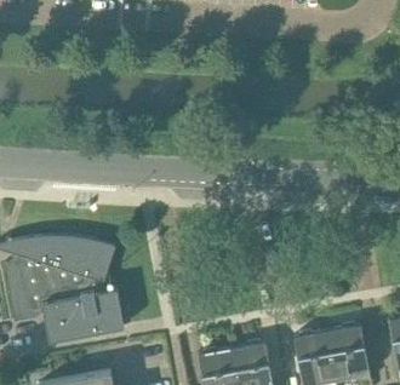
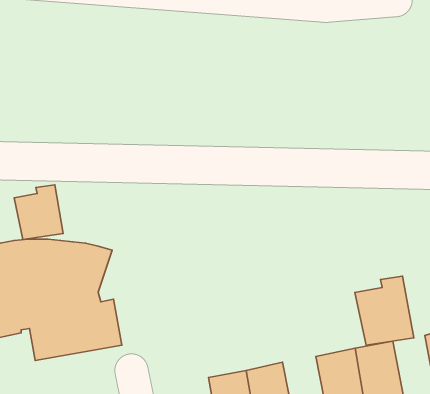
building: none -> [14,185,63,240]
building: none -> [355,276,414,345]

